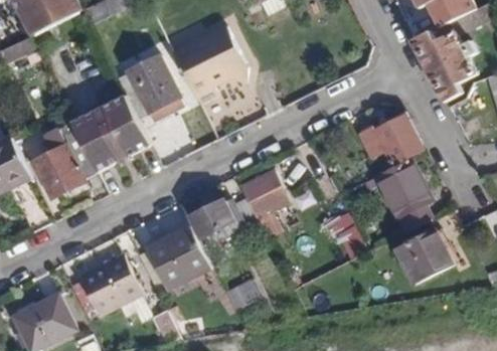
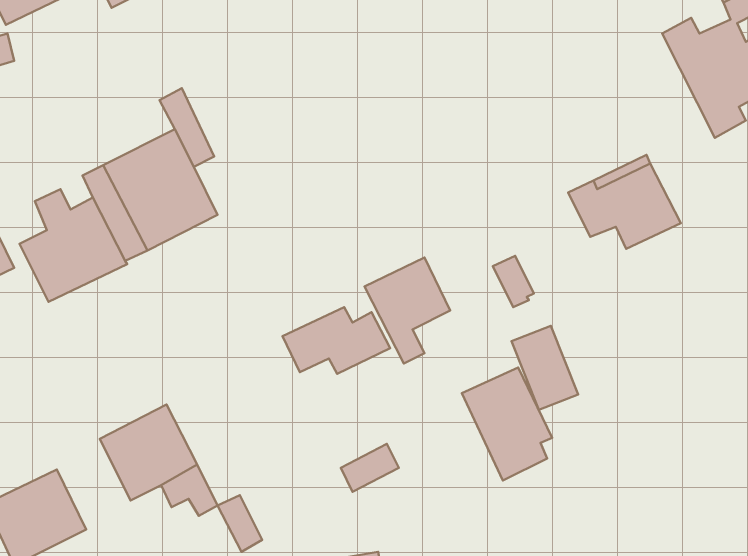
building: [172,27,247,105] -> none
building: [130,56,179,111] -> none
building: [377,161,431,227] -> [462,368,552,481]
building: [149,226,210,288] -> none
building: [396,231,451,284] -> none

